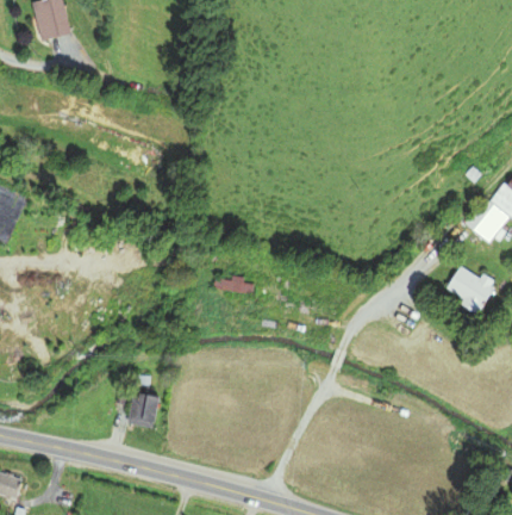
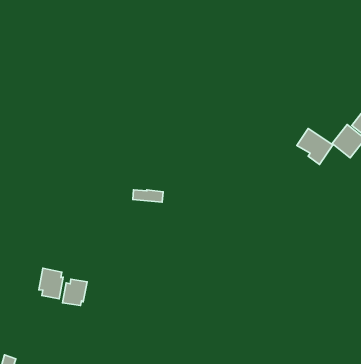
building: [447,266,492,311] -> [297,129,333,165]
building: none -> [39,268,63,299]

